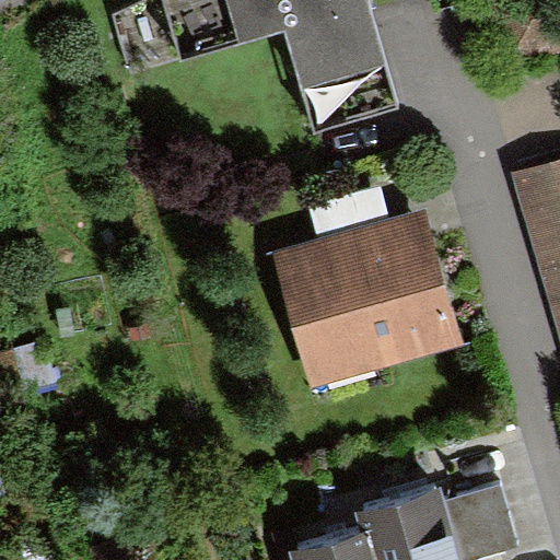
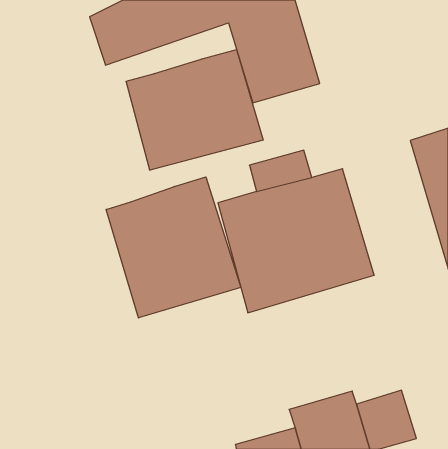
building: none -> [126,50,263,170]
building: none -> [106,177,241,318]

